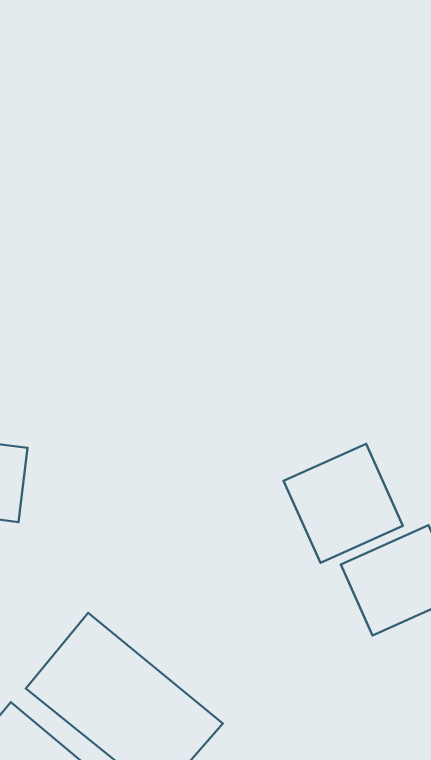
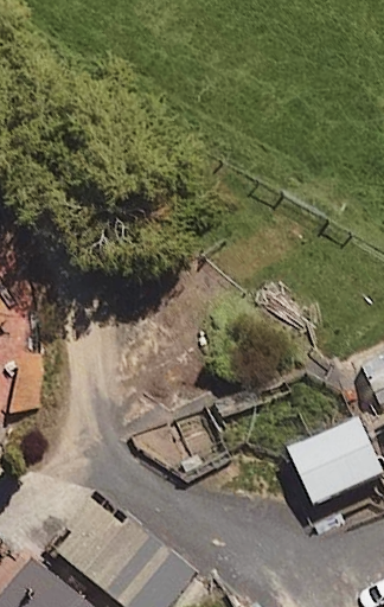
building: [284,444,403,563] -> none

